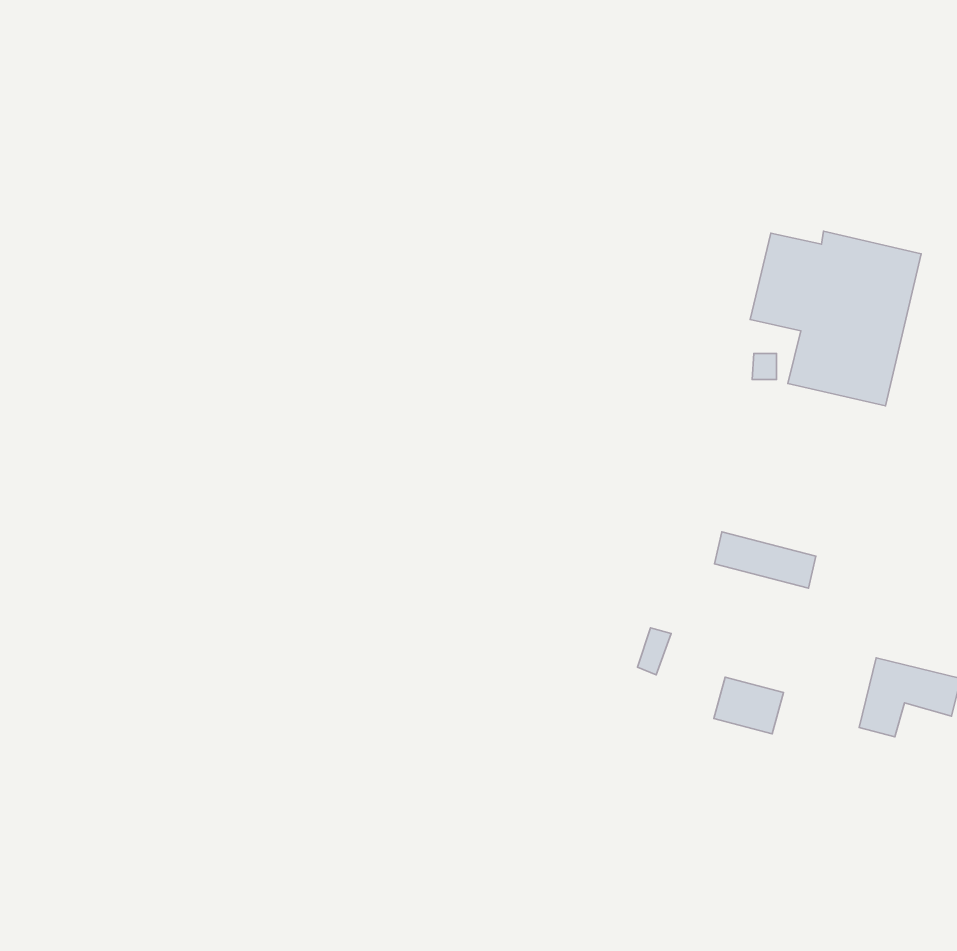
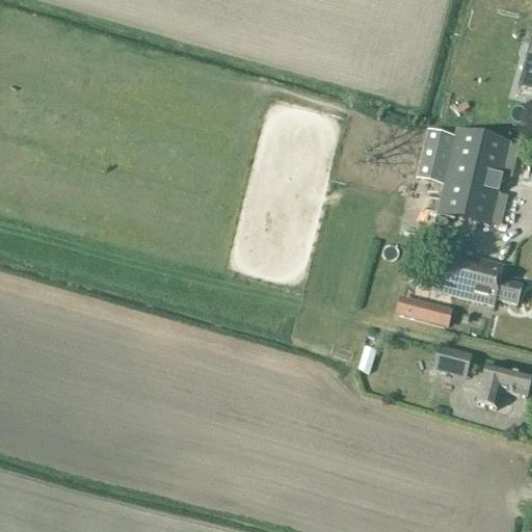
building: none -> [435,249,523,303]
building: [714,677,784,734] -> [434,345,473,376]

